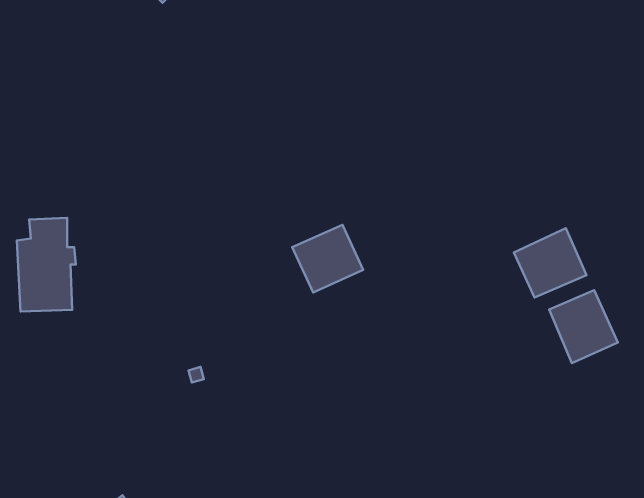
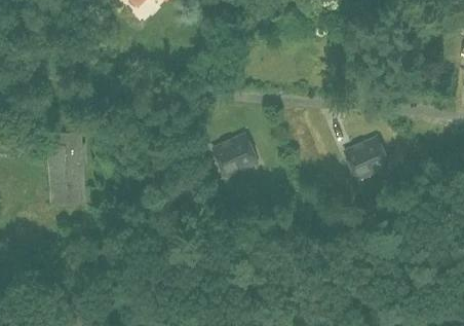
building: [549,290,618,363] -> none

